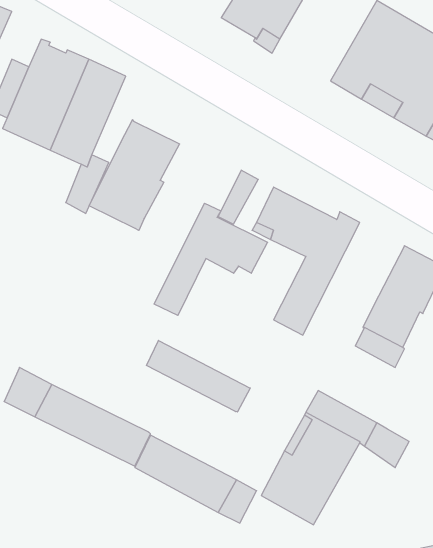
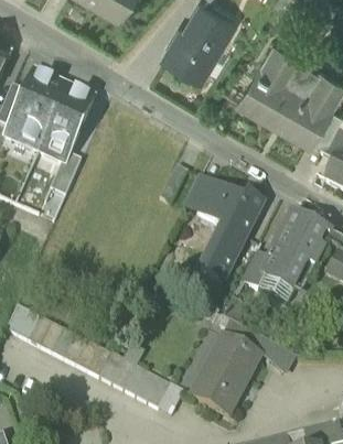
building: [89,120,180,230] -> none
building: [154,203,268,315] -> none
building: none -> [240,251,271,289]
building: [146,340,250,412] -> none

